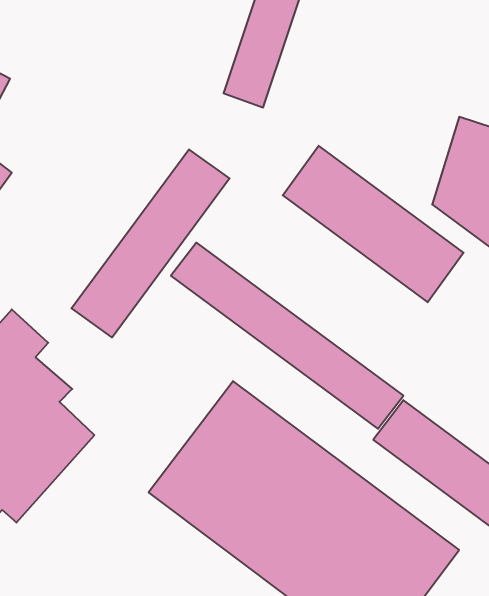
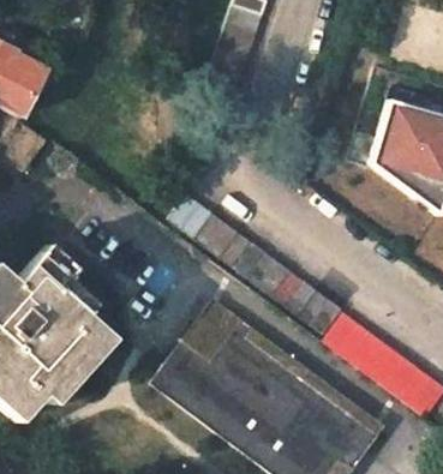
building: [283,146,464,302] -> none
building: [71,149,230,337] -> none

